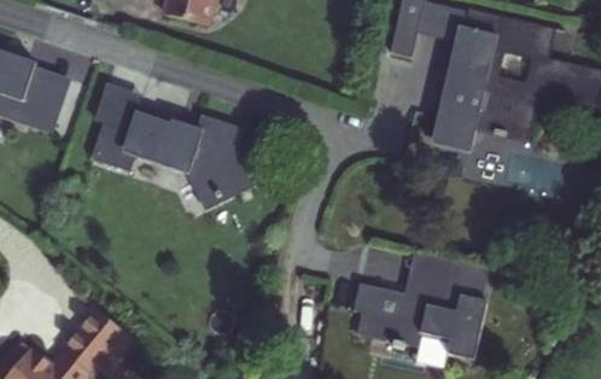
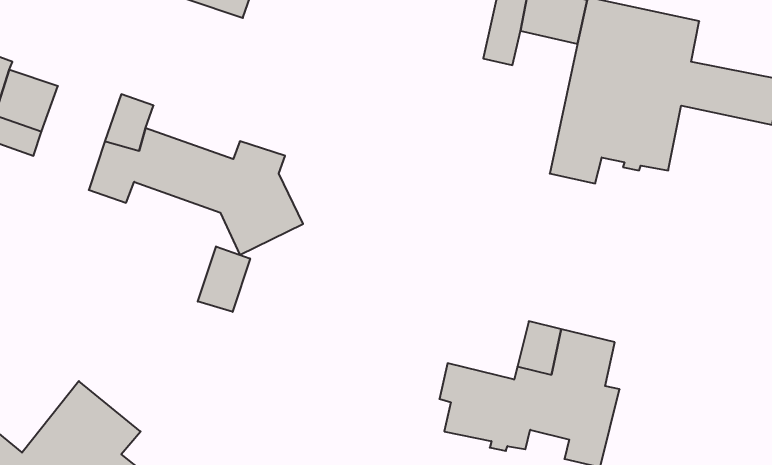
building: none -> [198,246,250,312]

